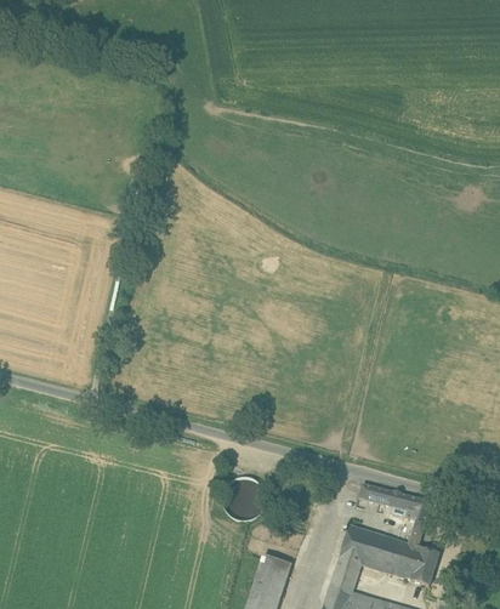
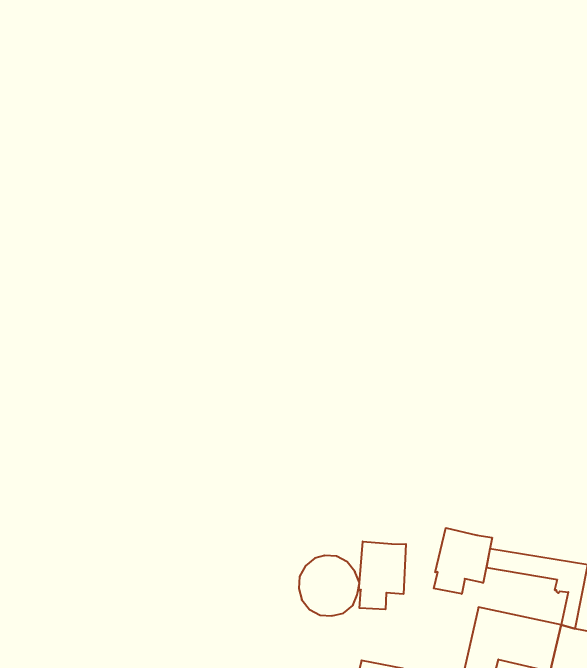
building: none -> [434,528,492,594]
building: none -> [359,541,406,609]

